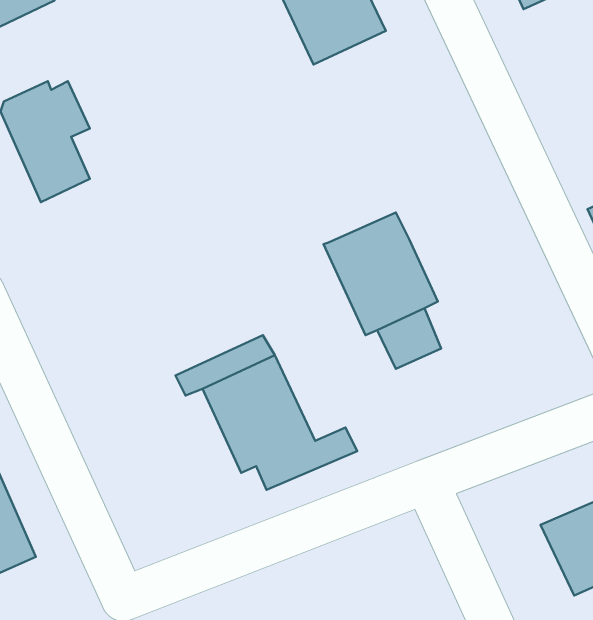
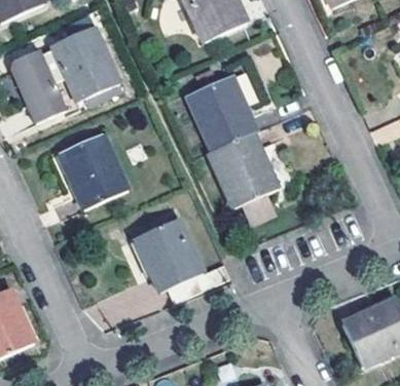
building: none -> [50,28,120,101]
building: none -> [188,77,257,150]
building: none -> [61,134,128,208]

